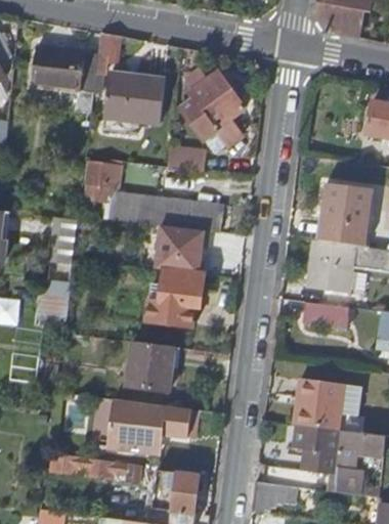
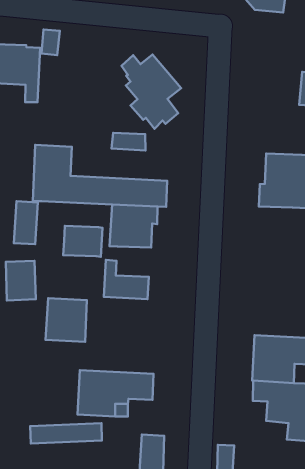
building: [103,74,164,124] -> none
building: [303,239,352,288] -> none
building: [159,271,203,307] -> [63,226,103,257]
building: [302,301,348,330] -> none
building: [126,343,173,392] -> [45,298,87,342]

